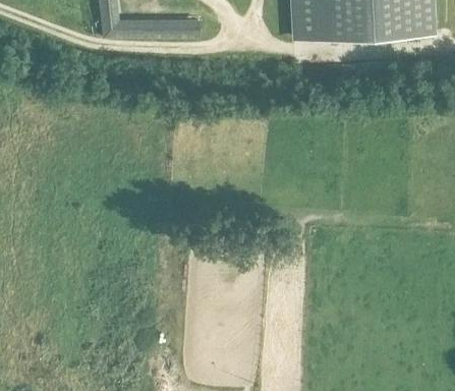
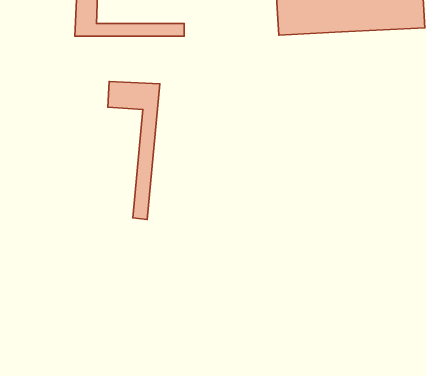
building: none -> [108,81,160,219]

